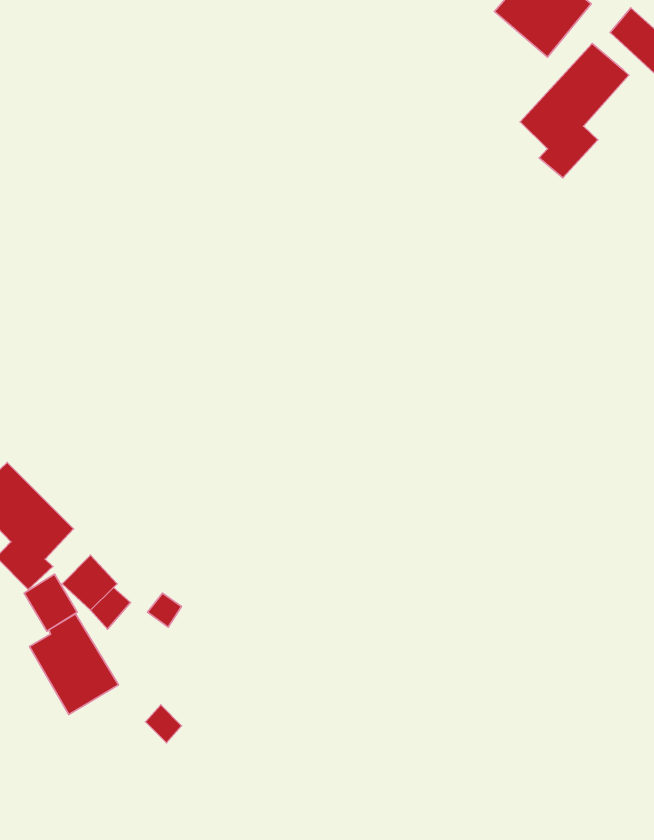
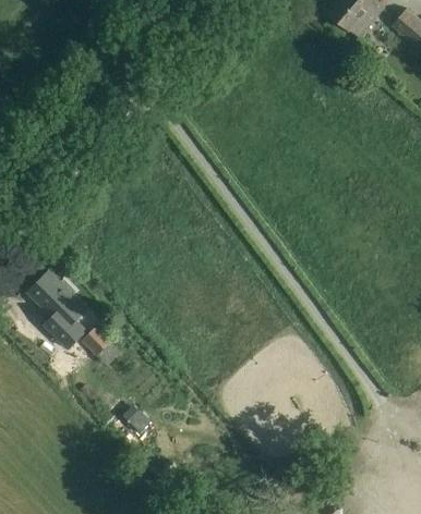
building: [520,44,629,178] -> none
building: [29,614,118,714] -> none

